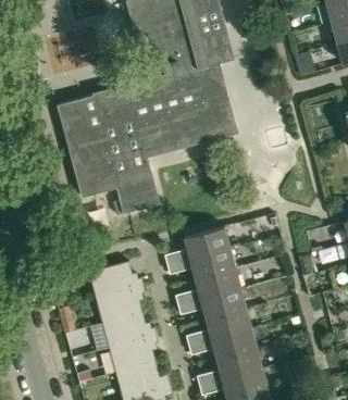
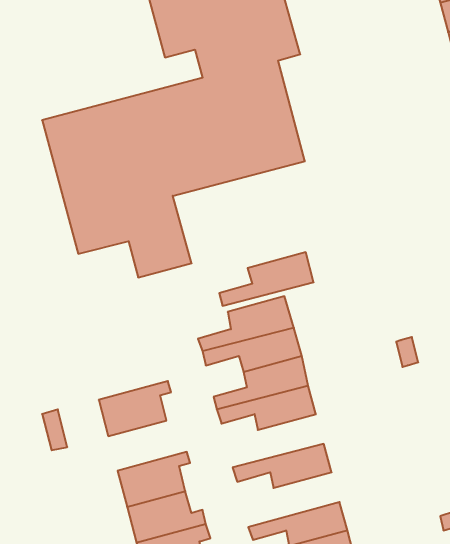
building: [89,261,144,298] -> none
building: [186,308,251,345] -> [219,252,314,306]
building: [102,312,157,347] -> none
building: [197,348,262,386] -> none

